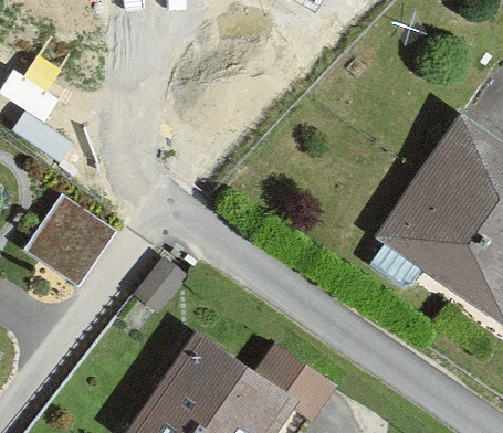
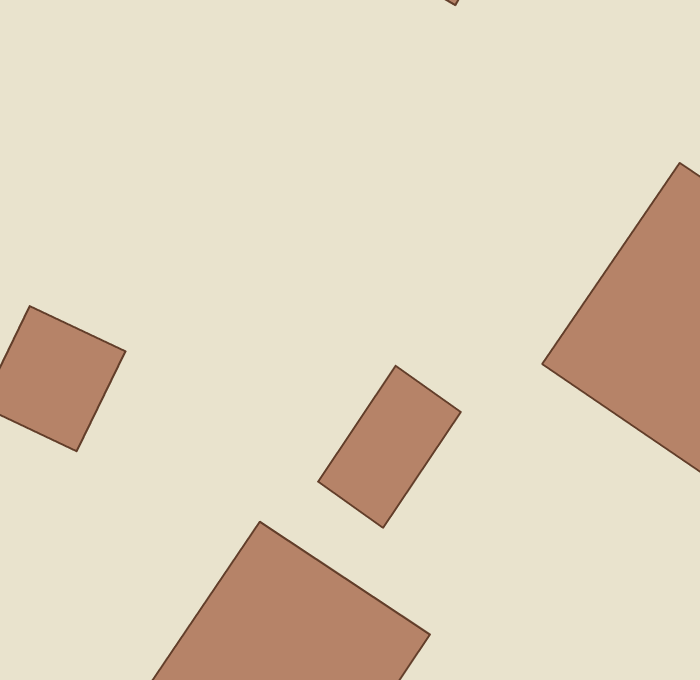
building: none -> [318,366,461,528]

